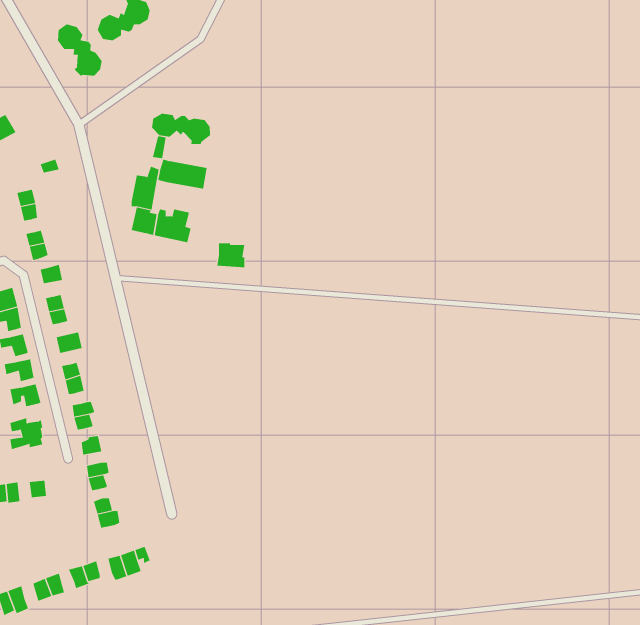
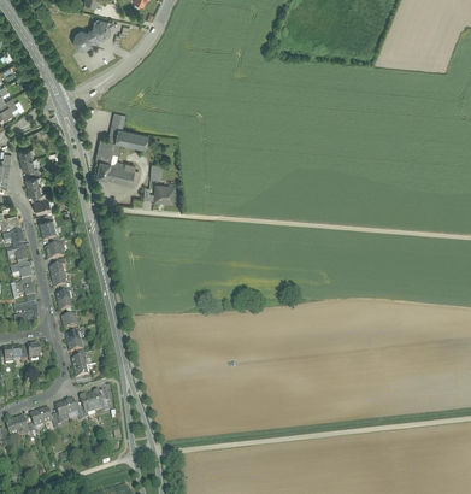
building: [58,24,102,77] -> none
building: [151,113,210,145] -> none

